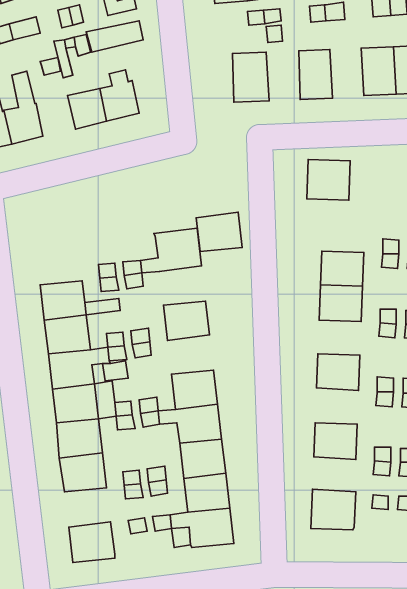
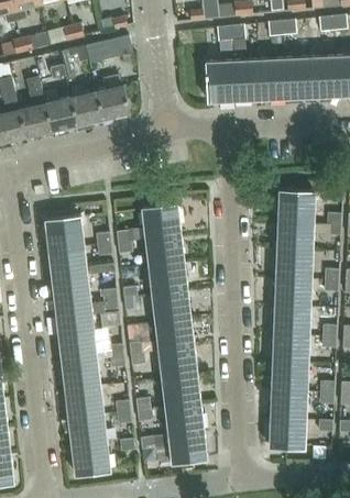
building: none -> [284,57,311,98]
building: none -> [232,59,260,100]
building: none -> [45,96,77,129]
building: [307,159,350,200] -> [277,190,313,223]
building: [196,212,242,252] -> [145,234,183,266]
building: none -> [44,215,83,250]
building: none -> [274,278,309,307]
building: none -> [152,290,189,322]
building: none -> [272,333,307,363]
building: none -> [270,389,305,418]
building: none -> [68,414,106,446]

